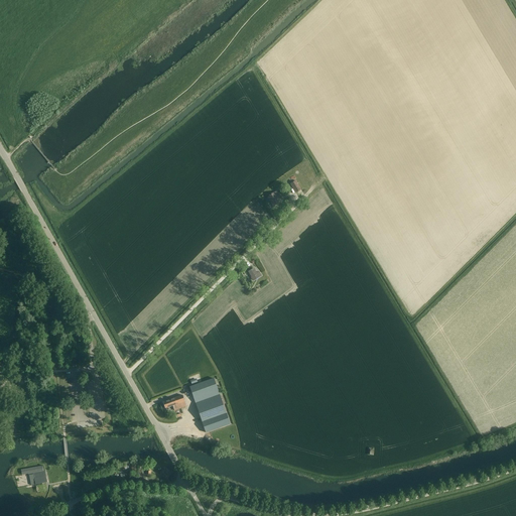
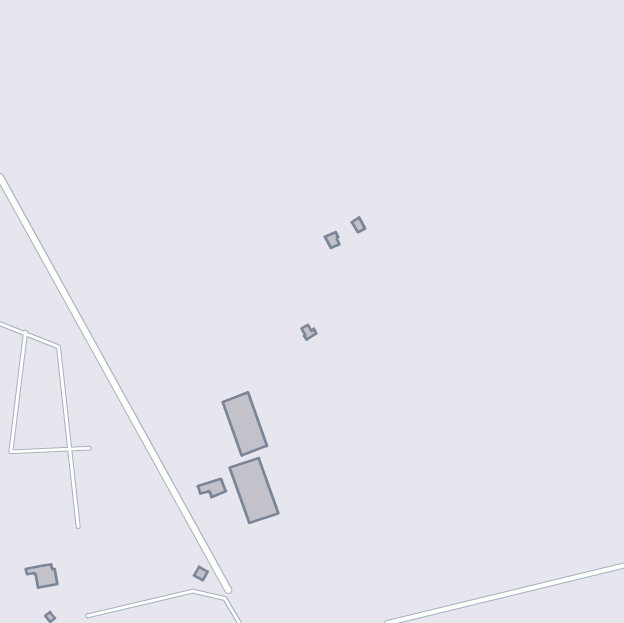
building: none -> [223,392,267,456]

